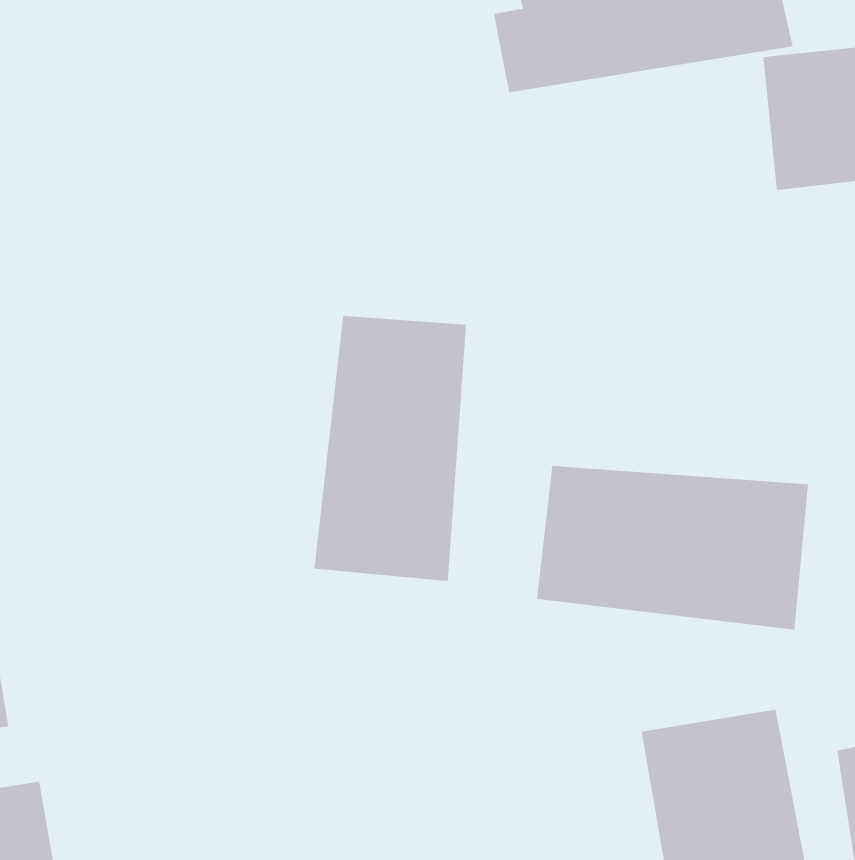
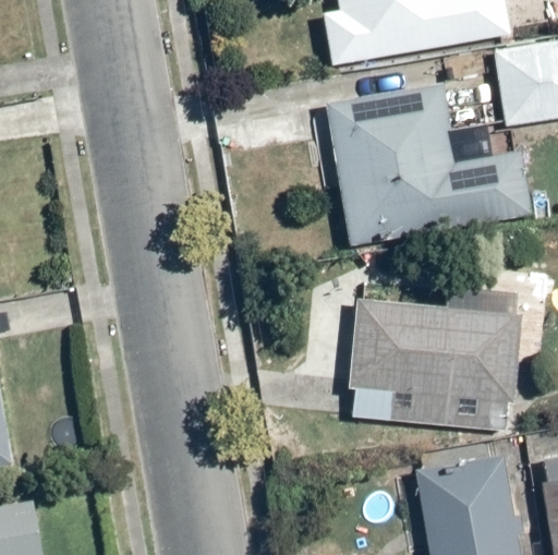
building: none -> [327,83,533,248]
building: [314,315,466,582] -> none

